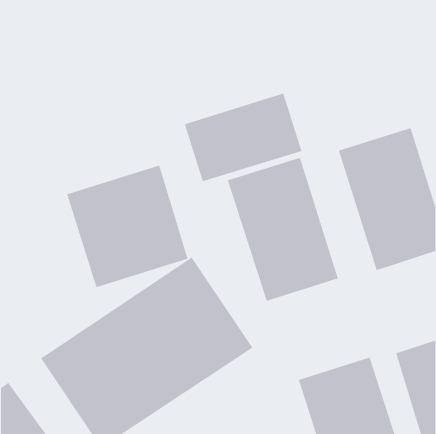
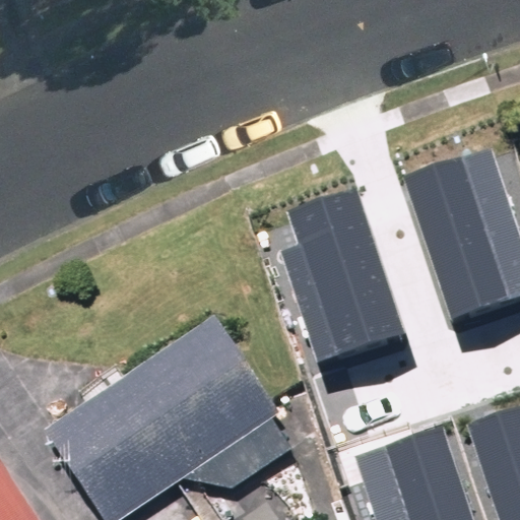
building: [184,92,302,182] -> none
building: [66,164,188,288] -> none

